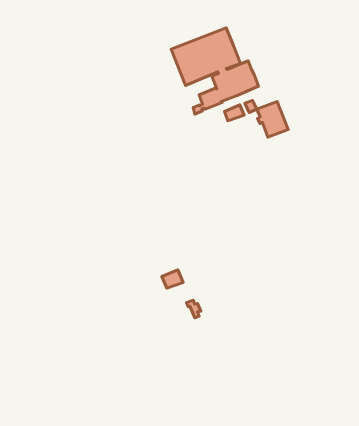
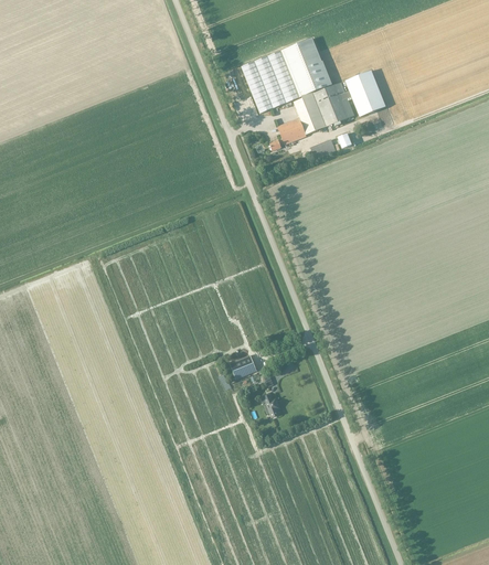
building: [257,102,288,137] -> [344,70,385,116]

